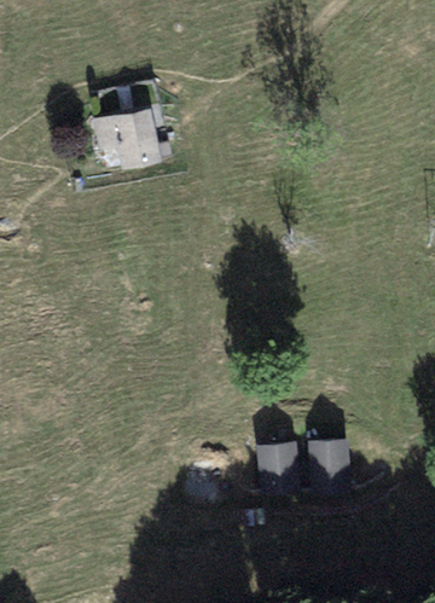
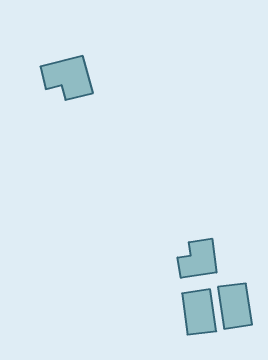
building: none -> [178,239,216,278]

